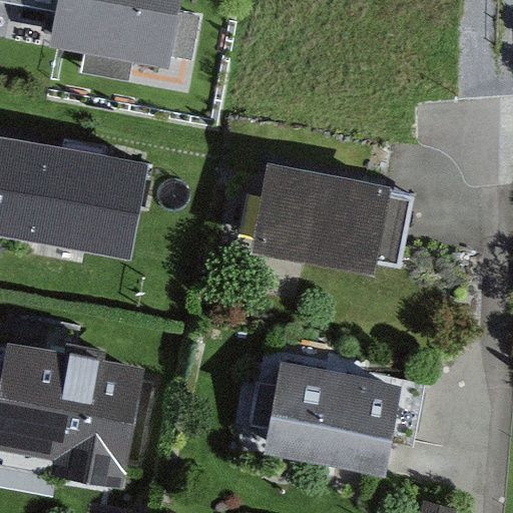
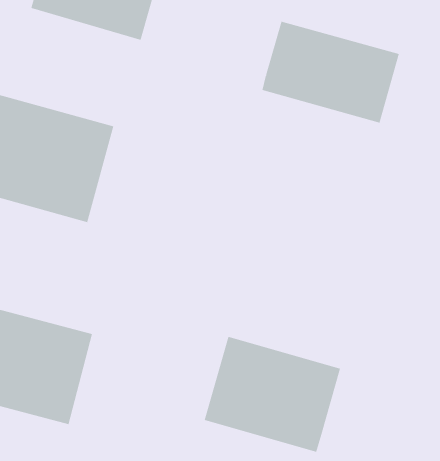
building: none -> [262,21,400,123]
building: [253,169,413,270] -> none

